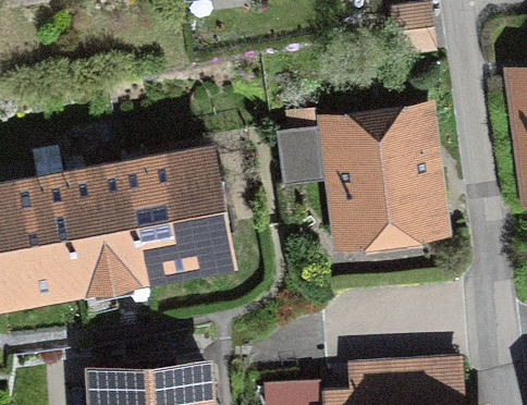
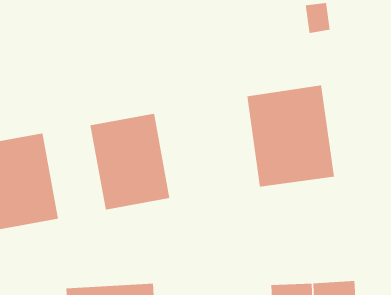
building: [71,167,149,285] -> none

